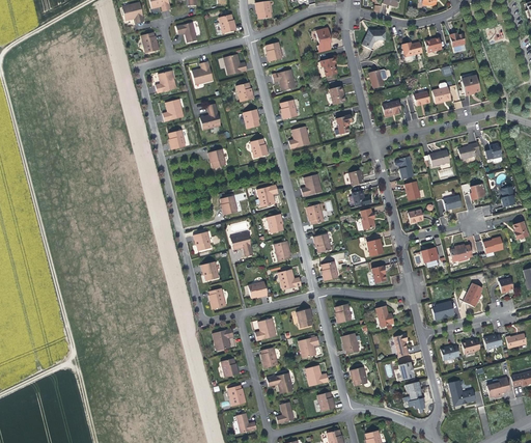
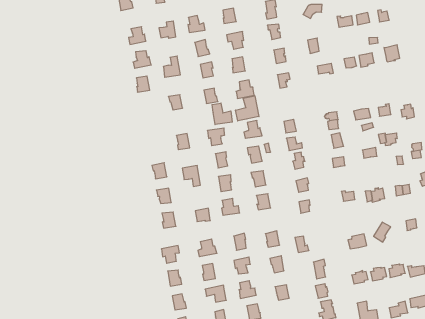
building: none -> [236,96,259,121]
building: none -> [212,103,232,125]

